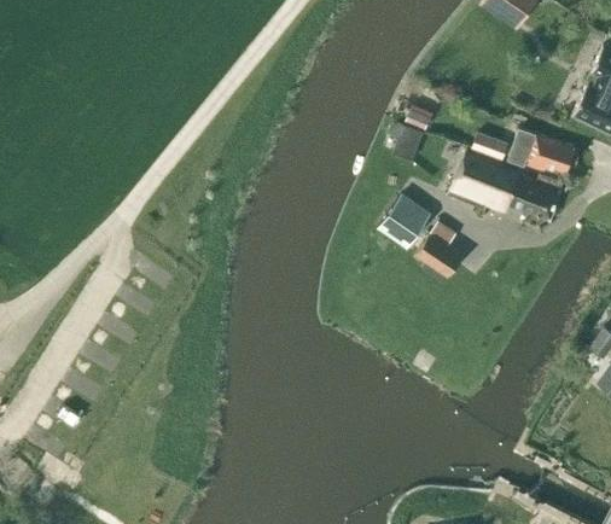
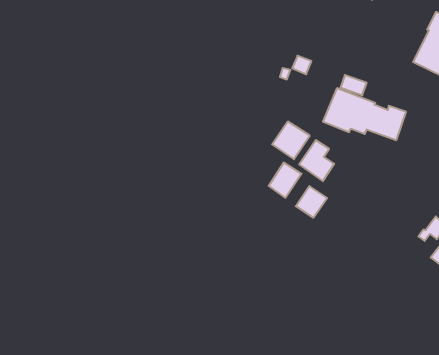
building: [508,133,577,173] -> none
building: none -> [269,162,302,198]
building: none -> [296,186,327,218]

